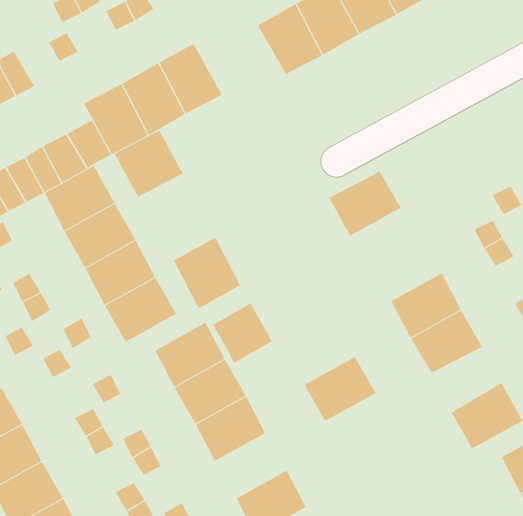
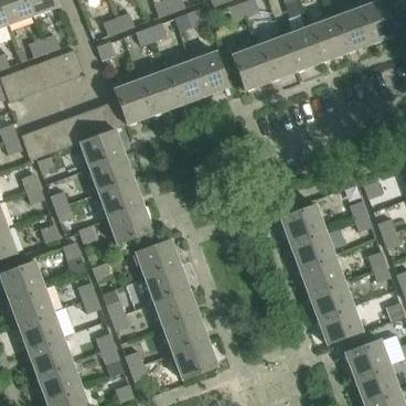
building: none -> [189,51,228,96]
building: [114,130,183,197] -> none
building: [329,171,401,236] -> [279,204,324,243]
building: [173,237,241,309] -> none
building: [212,302,272,364] -> none
building: none -> [308,280,352,319]
building: [304,356,376,422] -> [162,314,207,353]

